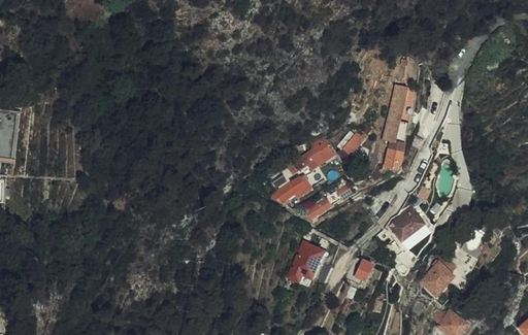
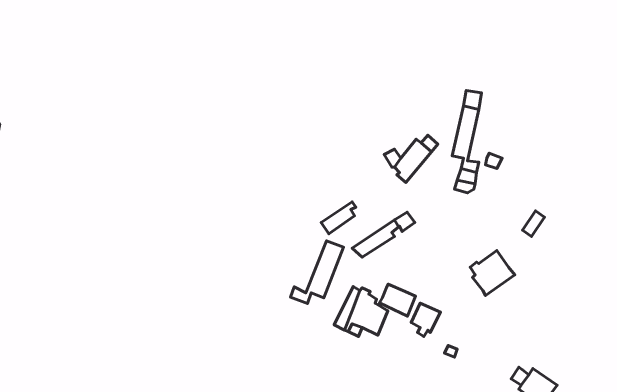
building: [295,138,332,168] -> none
building: none -> [290,241,343,304]
building: none -> [379,284,416,316]
building: [420,253,455,295] -> none

